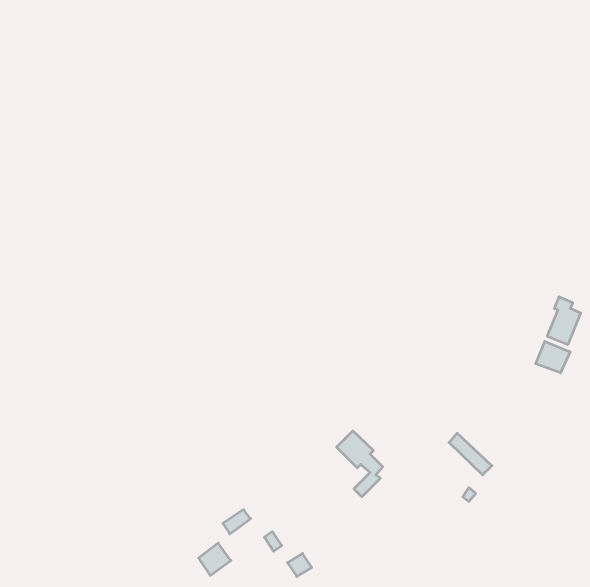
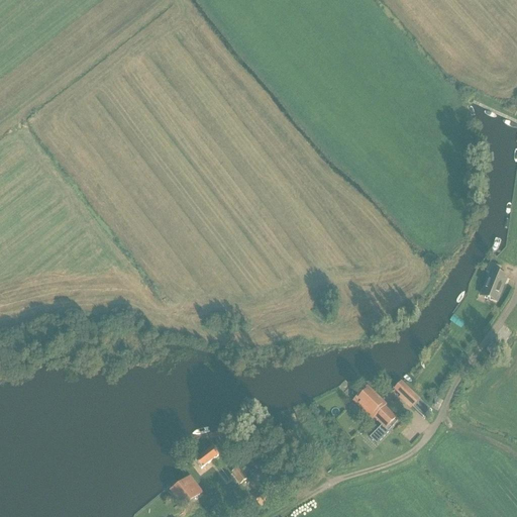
building: [536,341,570,373] -> none
building: [337,431,383,497] -> [353,385,394,442]

